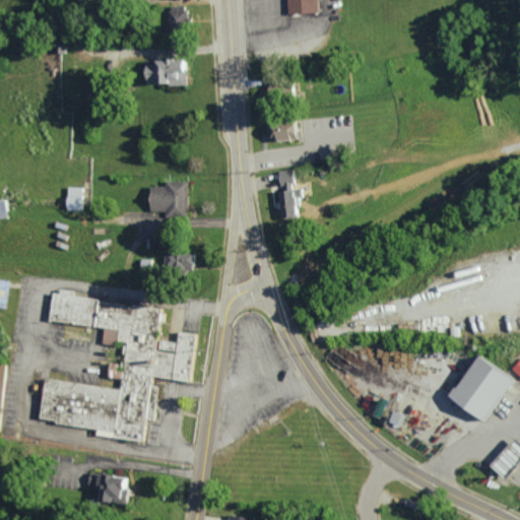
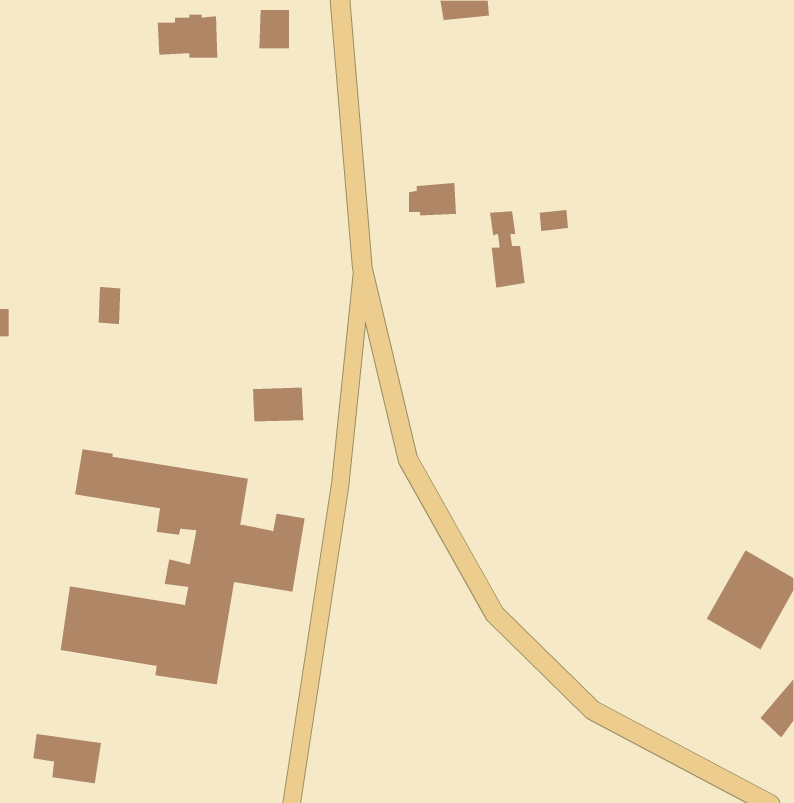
building: [142,57,182,85] -> [157,14,218,58]
building: [274,169,298,218] -> [489,211,525,288]
building: [146,180,186,219] -> none
building: [86,472,131,505] -> [33,733,102,784]

